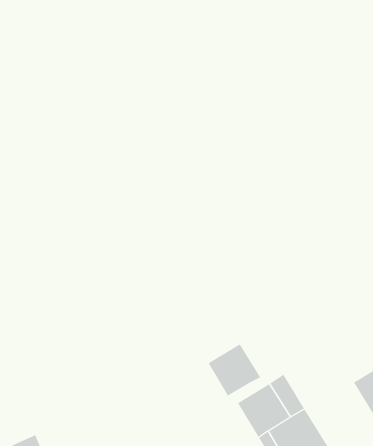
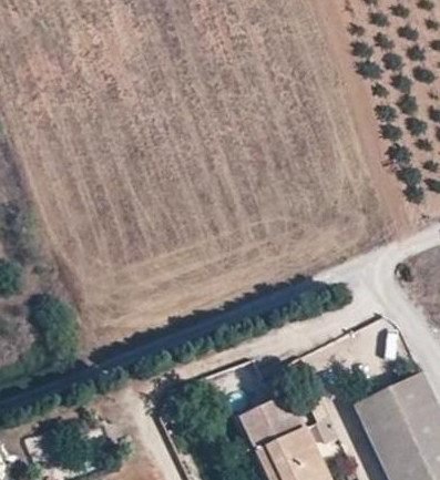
building: [208,343,261,396] -> none

